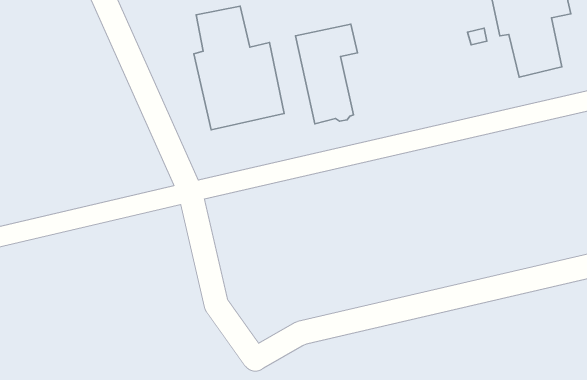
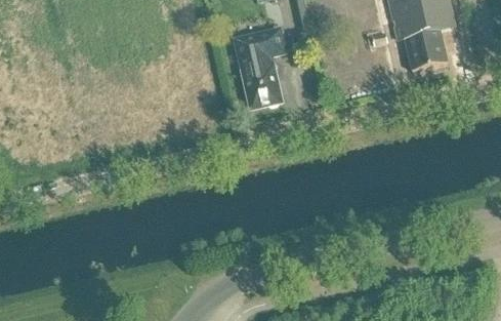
building: [194,6,284,130] -> none

